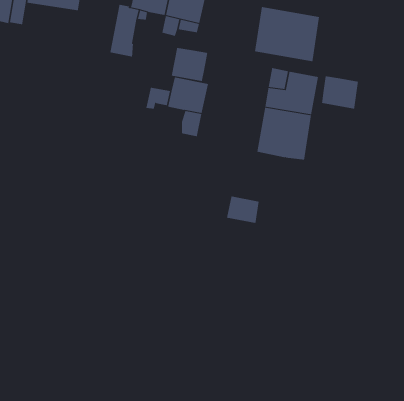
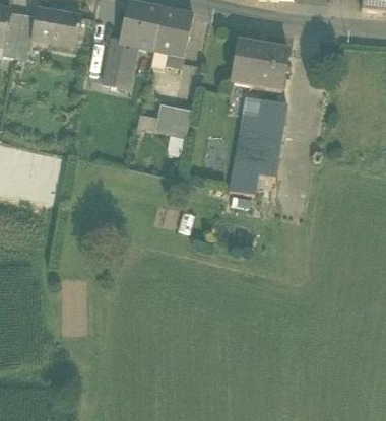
building: [171,47,208,82] -> none
building: [321,75,359,109] -> none
building: [226,196,260,223] -> [229,168,258,193]

